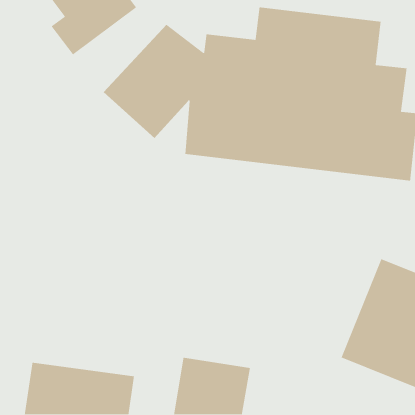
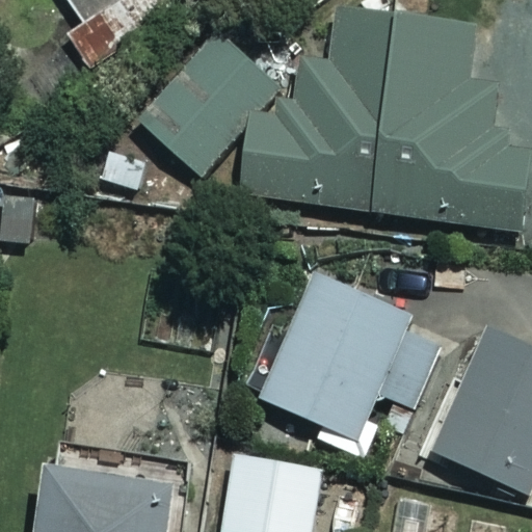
building: none -> [260,267,449,461]

